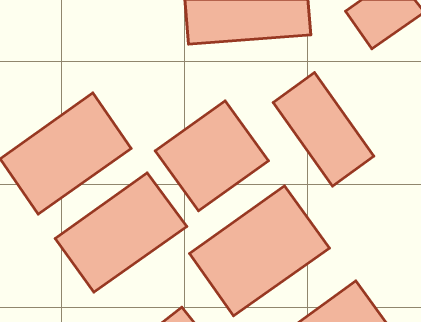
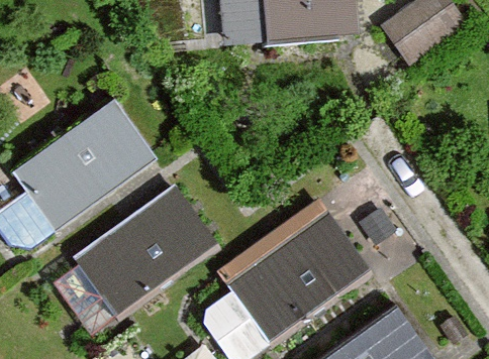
building: [273,72,374,186] -> none
building: [155,101,269,211] -> none

